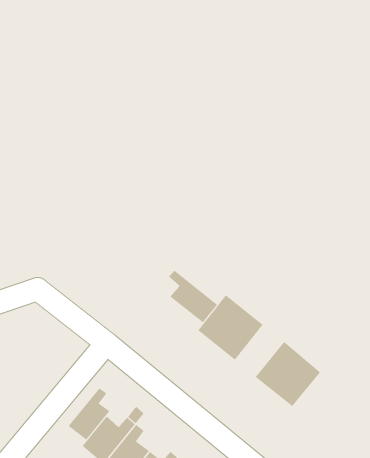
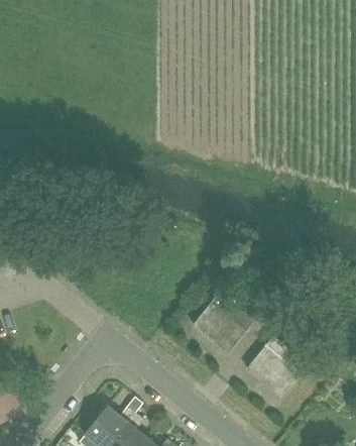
building: [168,270,218,323] -> none
building: [68,388,110,440] -> none

